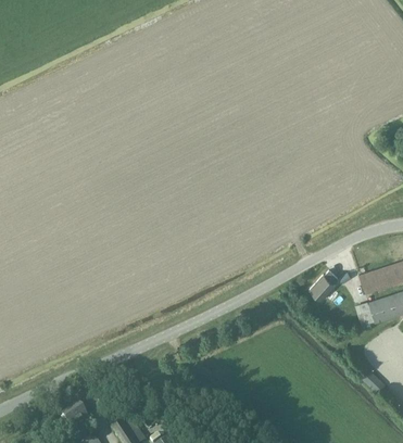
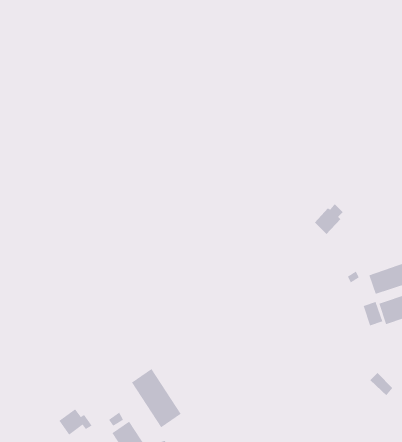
building: [310,270,338,301] -> [314,203,343,235]
building: none -> [131,368,182,428]

